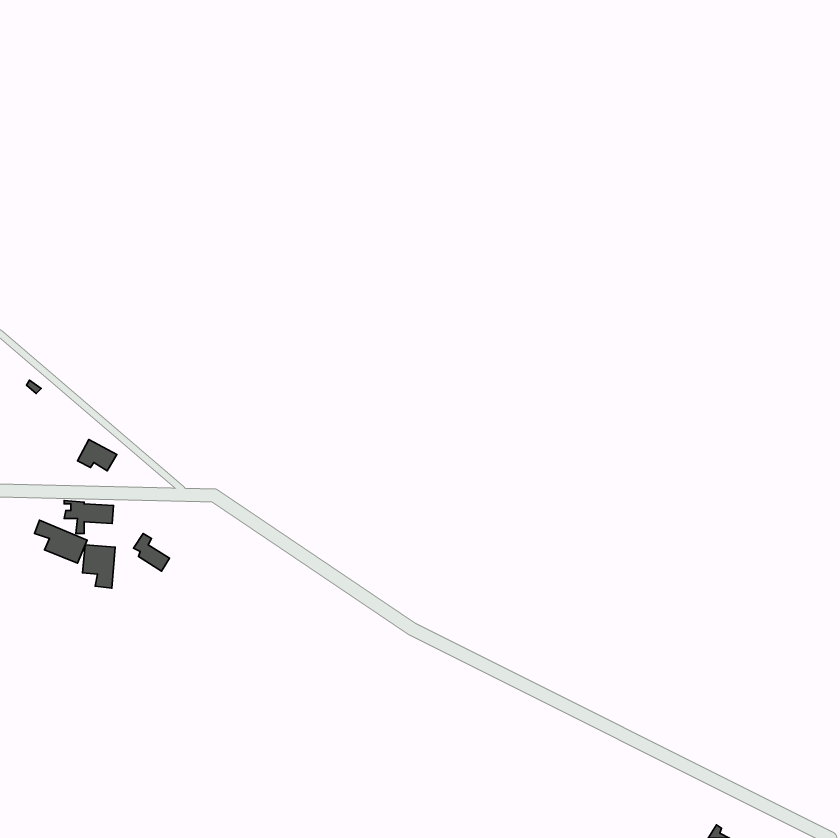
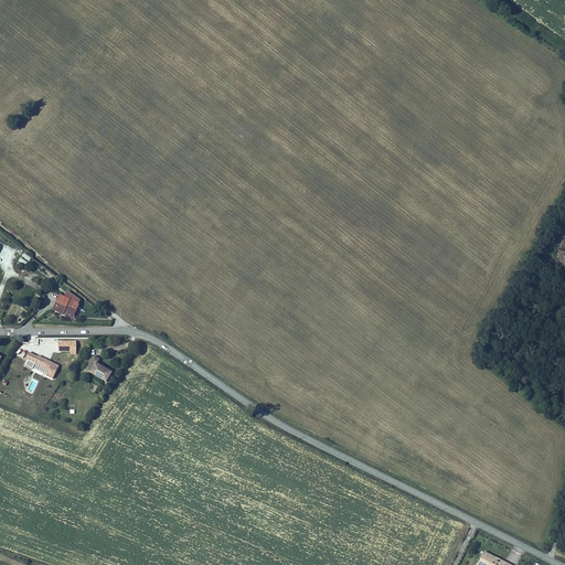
building: [82,545,115,588] -> none

